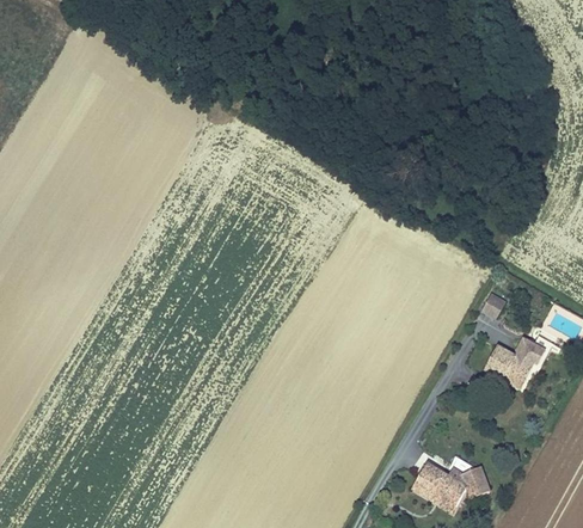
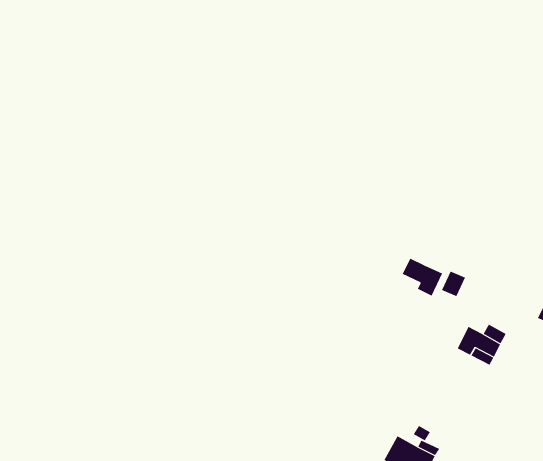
building: none -> [402,258,443,297]

